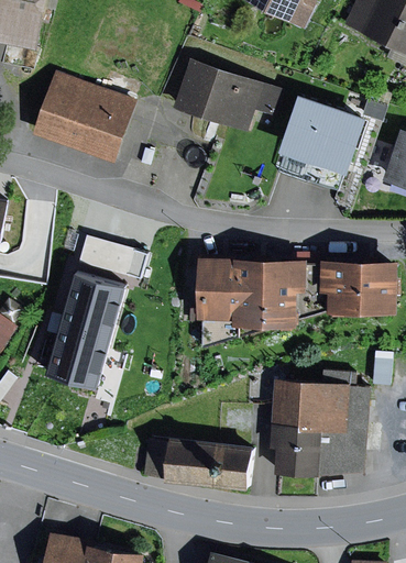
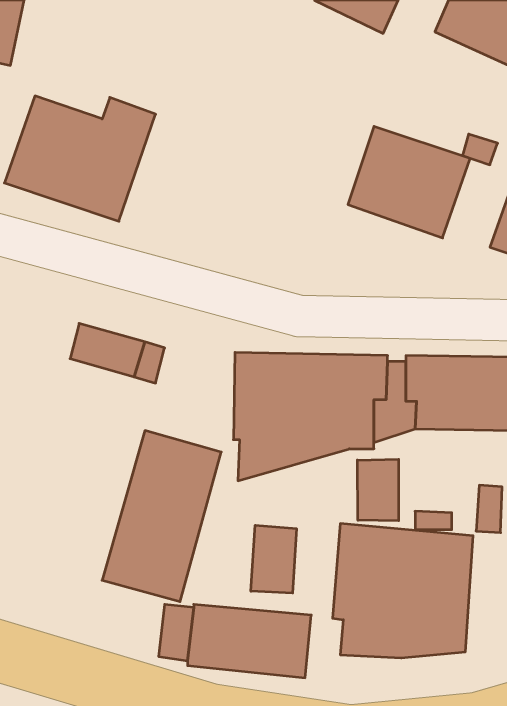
building: [173,59,283,133] -> none
building: [42,266,128,389] -> [102,431,221,602]
building: none -> [357,459,399,521]
building: none -> [251,525,296,593]

